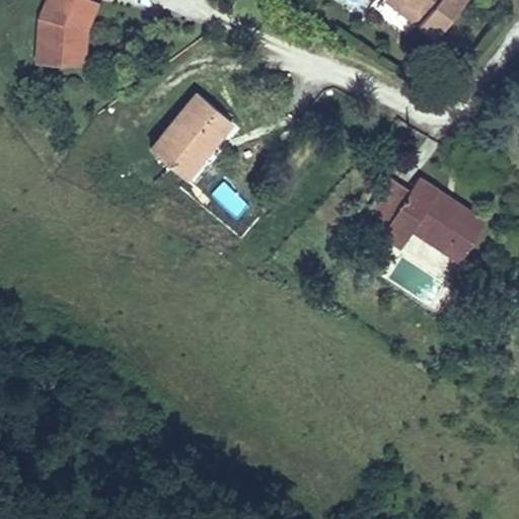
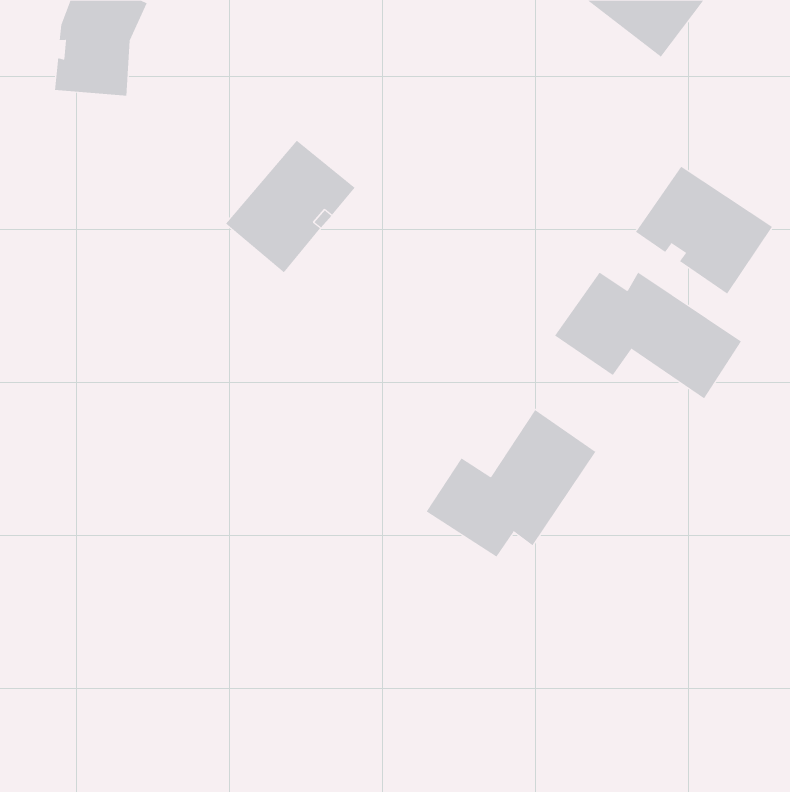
building: none -> [635,166,773,295]
building: none -> [426,409,596,557]

